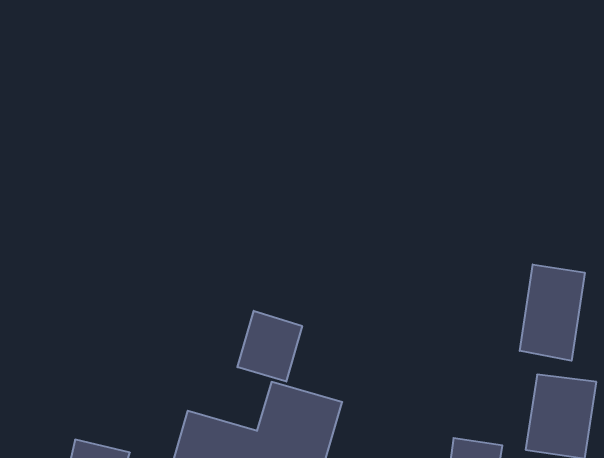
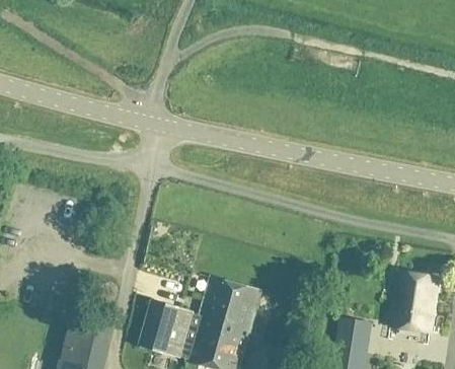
building: [520,264,585,361] -> none
building: [237,311,302,382] -> none

